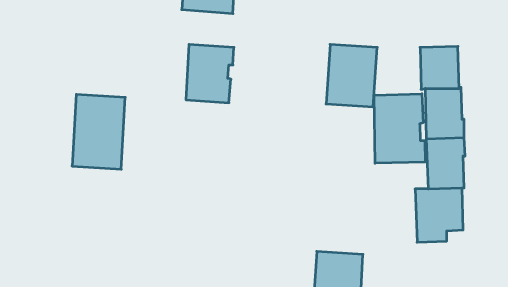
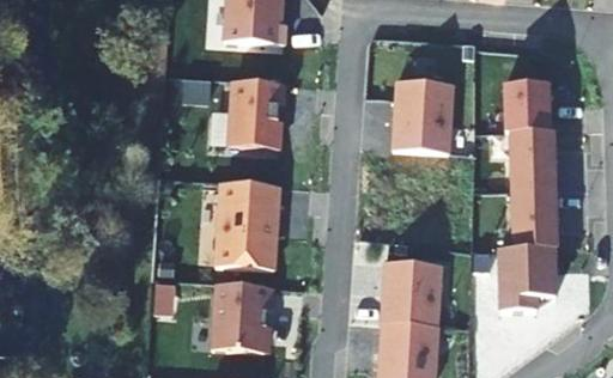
building: [374,94,425,163] -> none
building: [72,94,125,169] -> [216,181,278,268]
building: none -> [382,261,441,325]
building: none -> [211,282,273,350]

